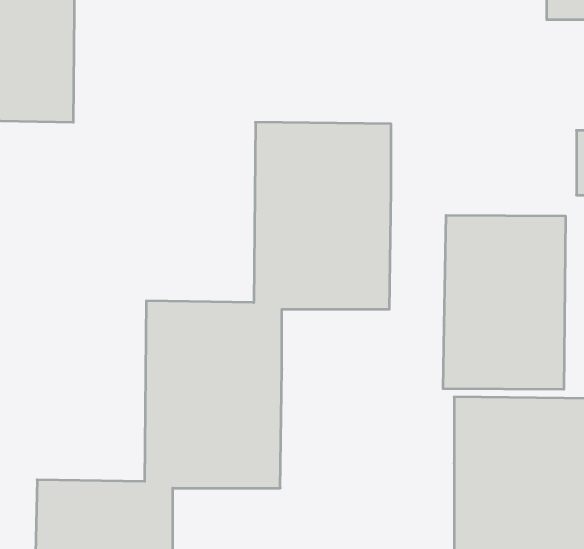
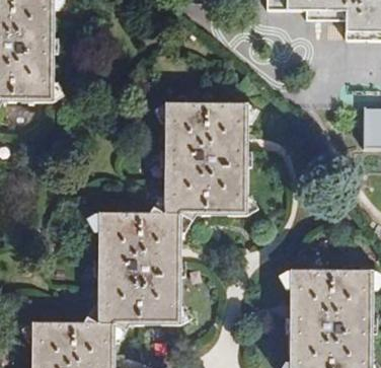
building: [443,215,565,389] -> none

